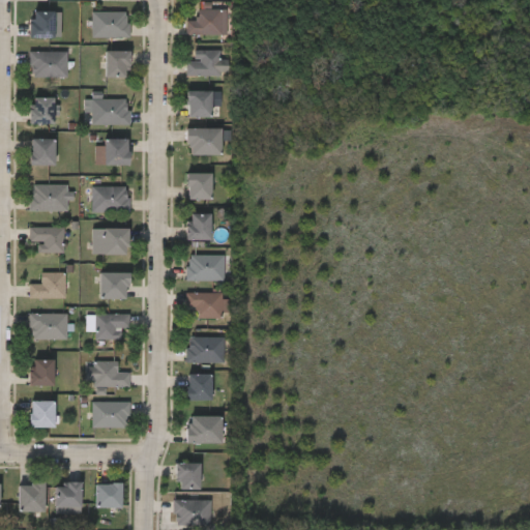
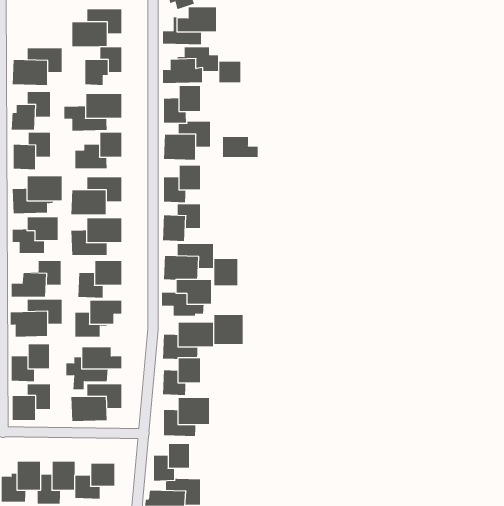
building: [32,9,56,35] -> none
building: none -> [219,61,241,83]
building: none -> [223,136,258,158]
building: none -> [214,258,238,286]
building: none -> [214,314,243,345]

